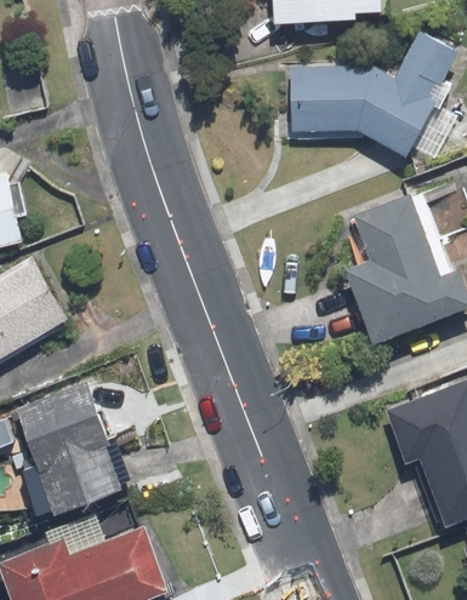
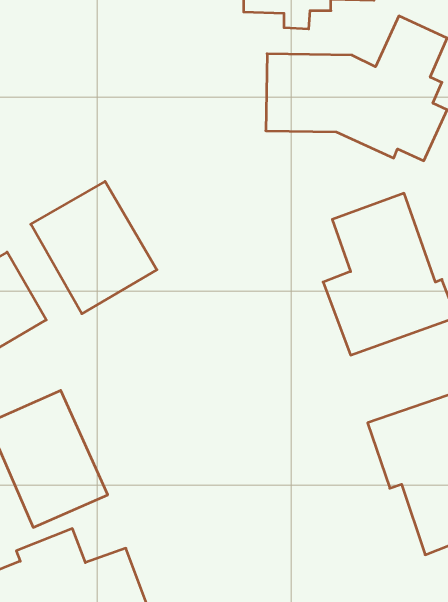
building: none -> [31,181,157,314]

